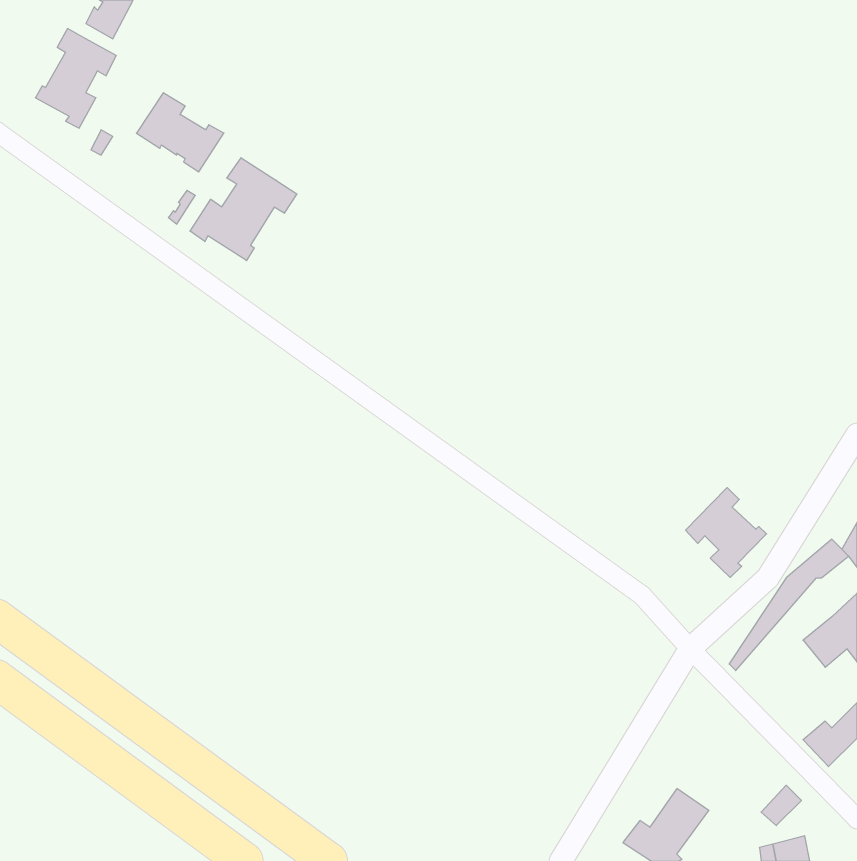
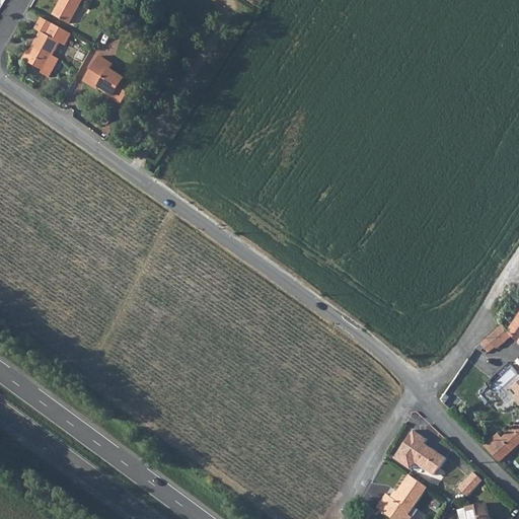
building: [190,158,297,261] -> none
building: [686,488,767,577] -> none
building: none -> [392,430,444,475]

